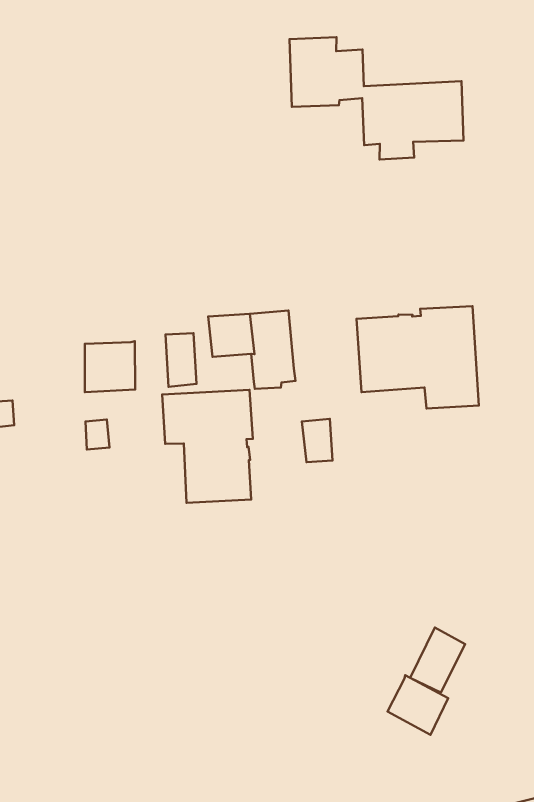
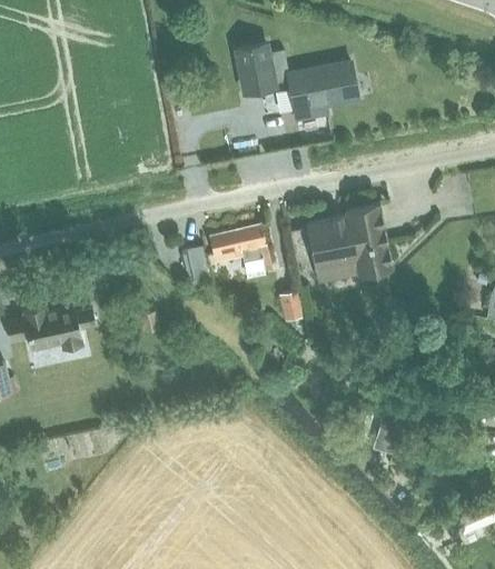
building: [85,341,135,392] -> none
building: [162,390,253,503] -> none
building: [387,675,448,735] -> none

